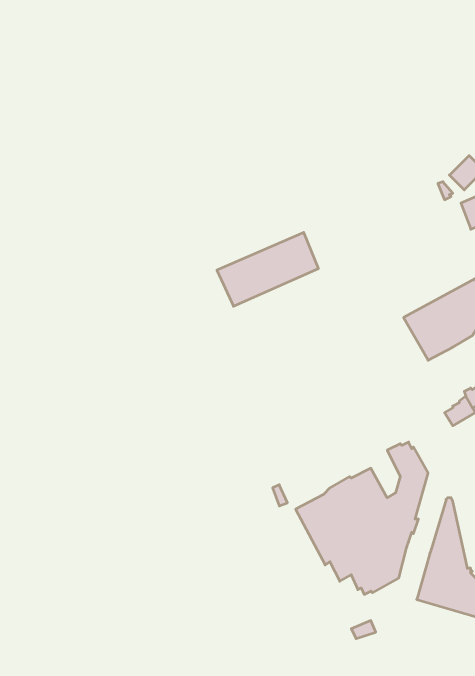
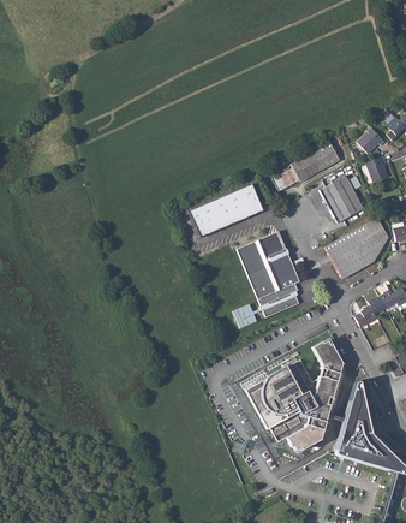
building: none -> [273,142,340,191]
building: none -> [320,174,364,222]
building: none -> [234,231,299,328]

